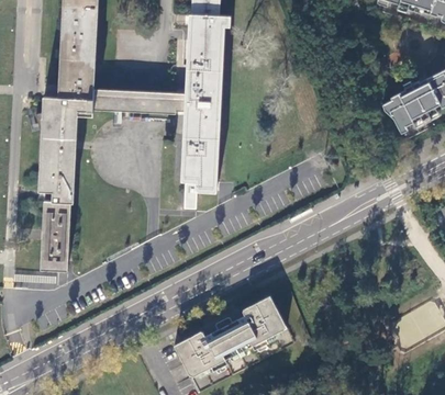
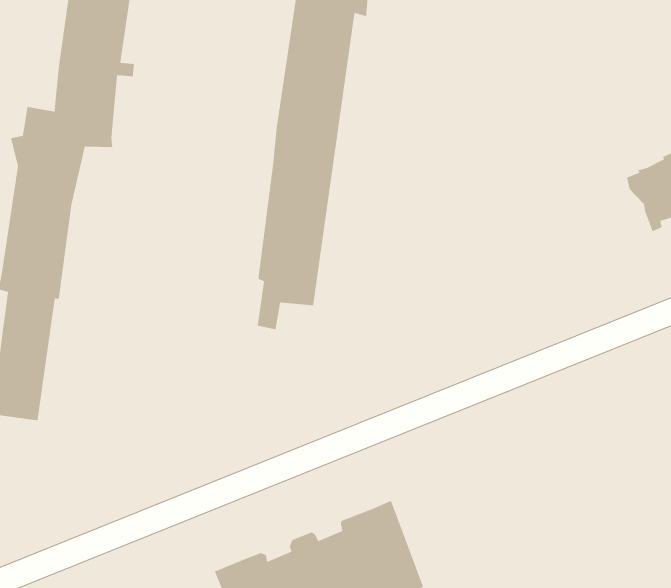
building: [93,90,185,114] -> none

